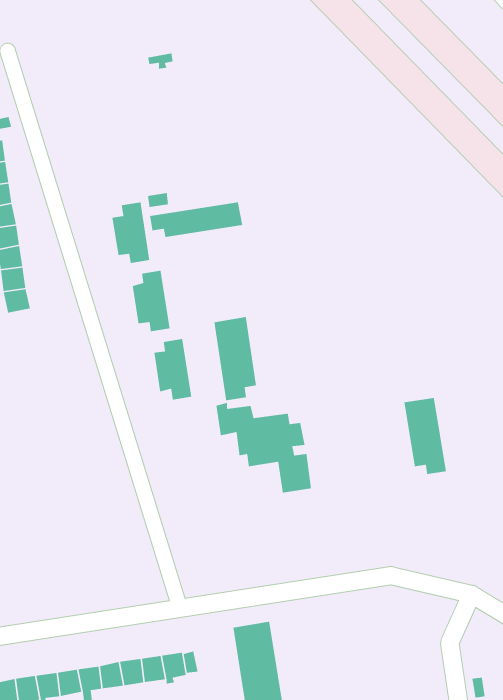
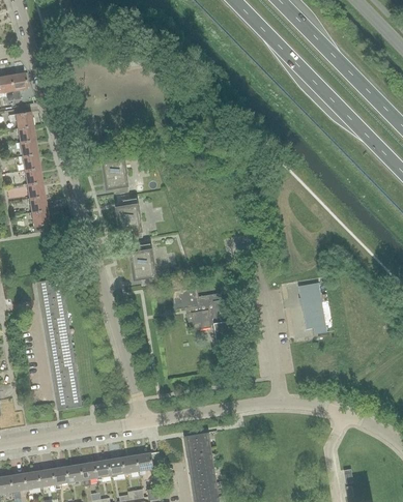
building: [149,201,243,238] -> none
building: [214,316,257,401] -> none
building: none -> [36,277,82,410]

